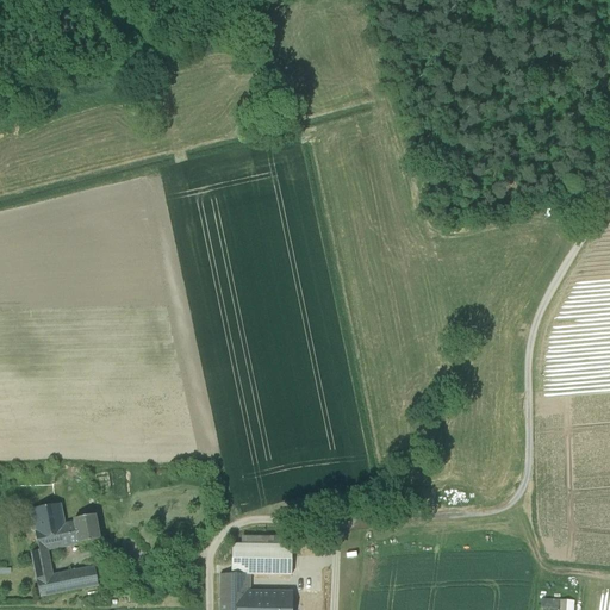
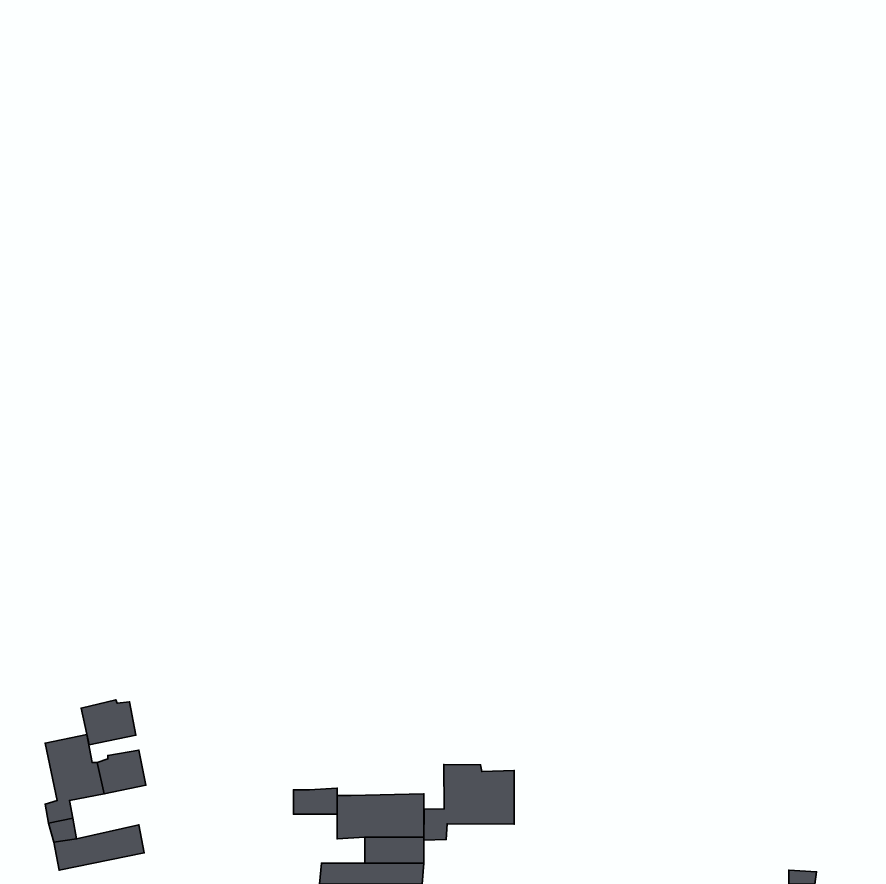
building: none -> [81,700,136,745]
building: none -> [424,764,514,840]
building: [222,574,251,592] -> [294,788,337,814]

